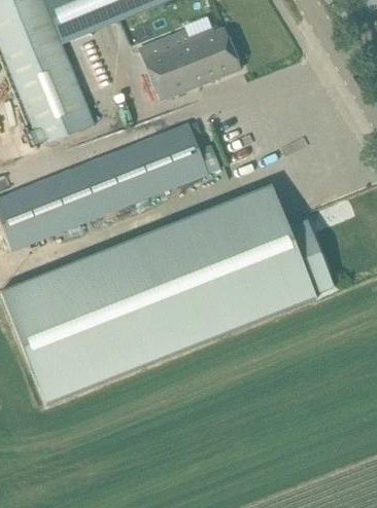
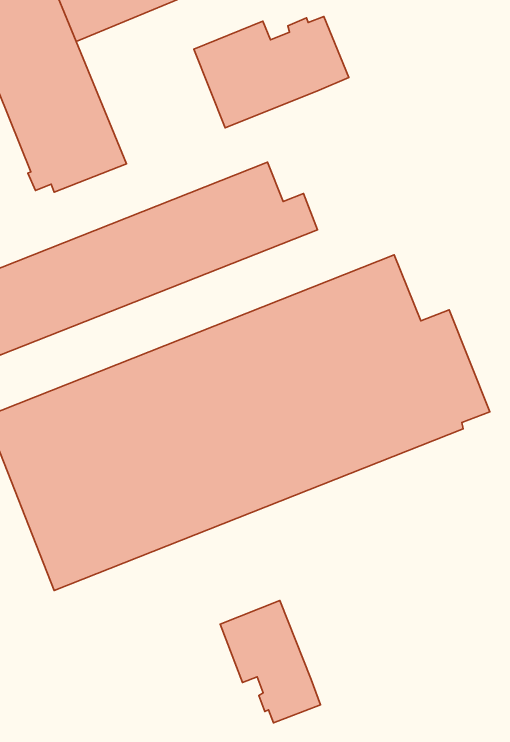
building: none -> [220,600,321,723]

